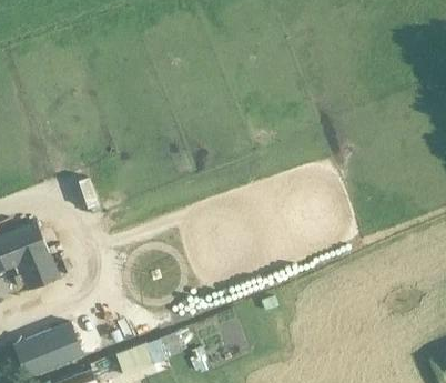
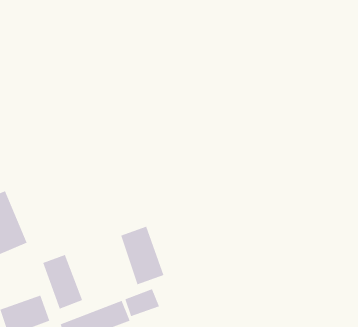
building: none -> [120,226,164,285]
building: none -> [42,254,83,310]

